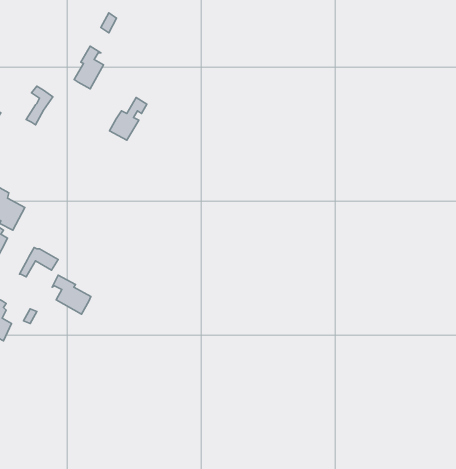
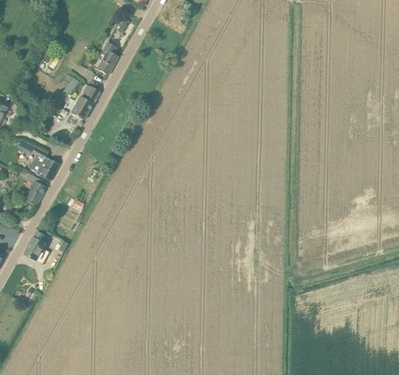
building: [109,97,147,140] -> [70,86,98,118]
building: [52,275,91,314] -> none

